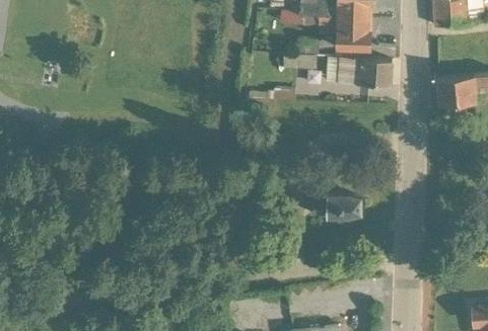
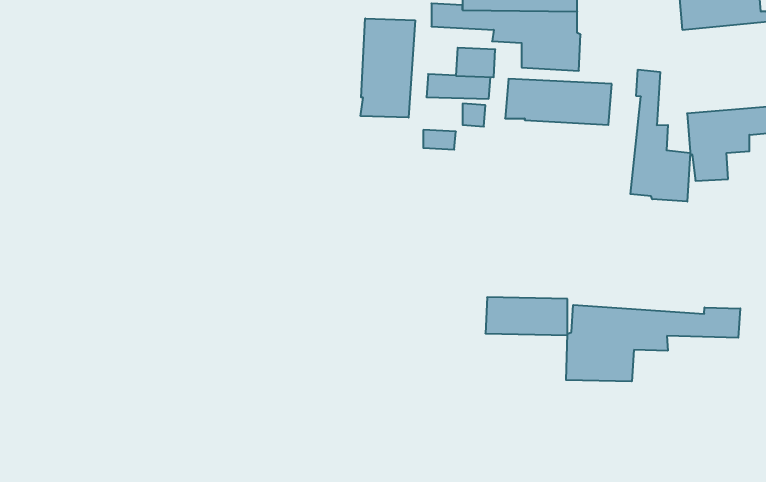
building: none -> [361,18,415,118]
building: none -> [630,70,690,202]
building: none -> [566,305,740,381]

